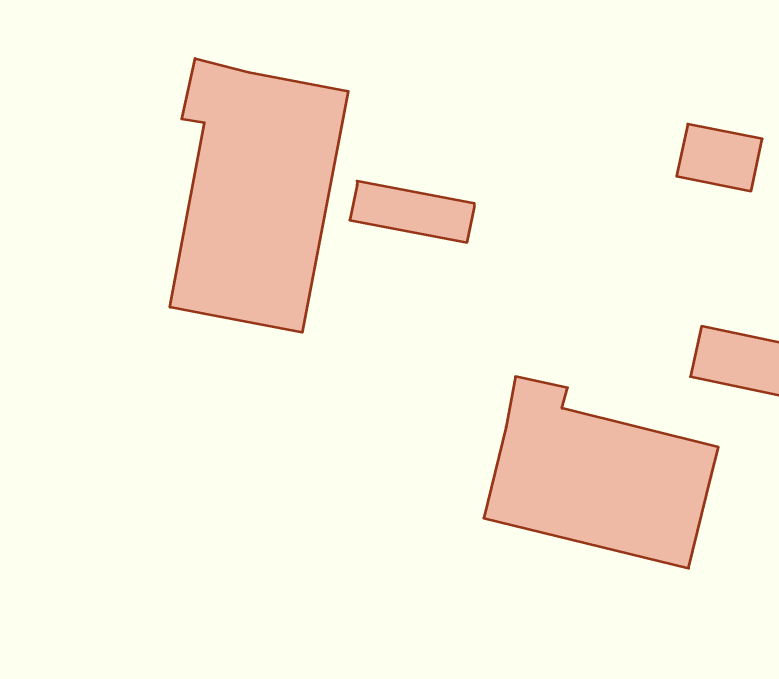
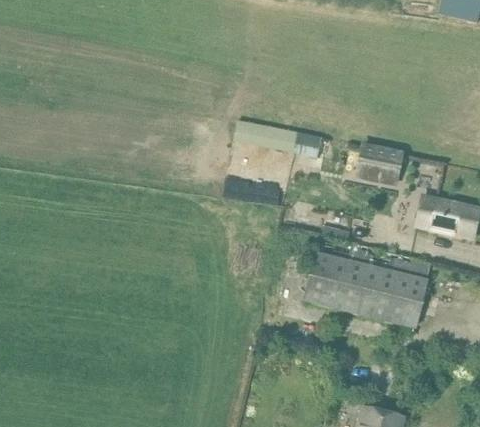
building: [170,58,348,332] -> none
building: [677,124,762,191] -> [356,147,402,183]

